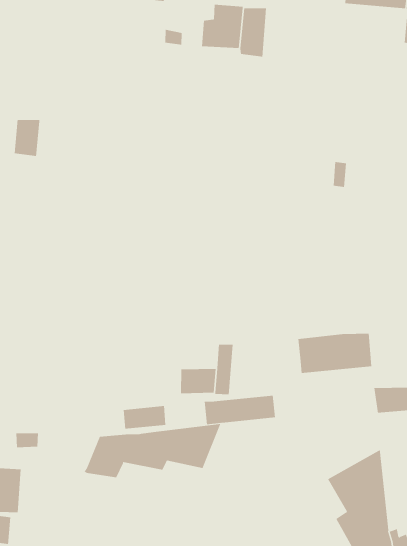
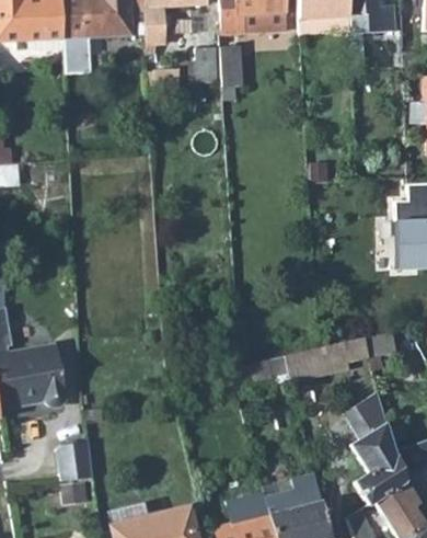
building: [297,333,372,374] -> [286,342,348,381]
building: [84,423,221,478] -> none

